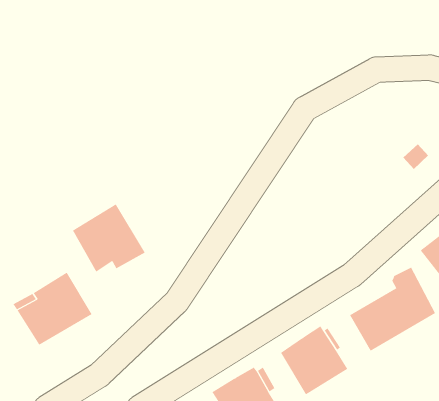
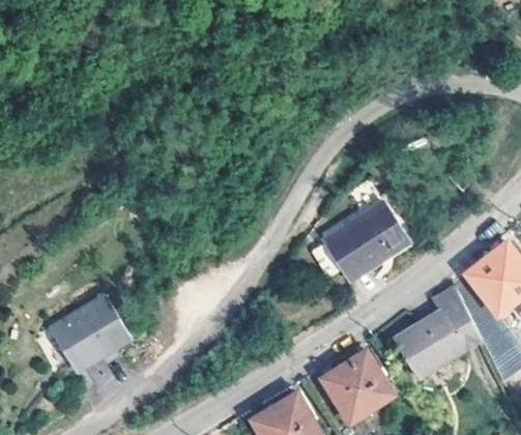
building: none -> [324,200,409,278]
building: [72,203,145,272] -> none

